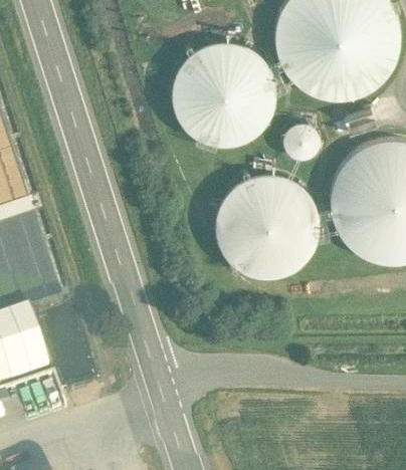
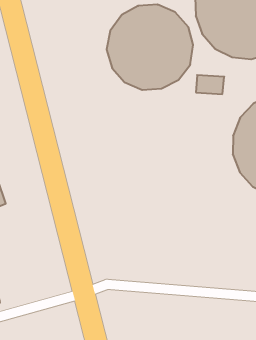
building: [215,175,320,279] -> none

